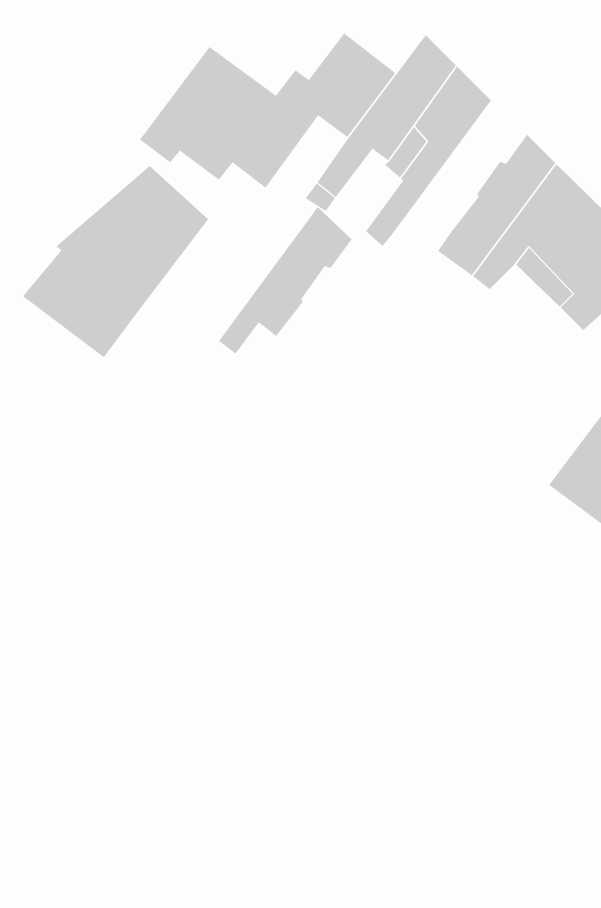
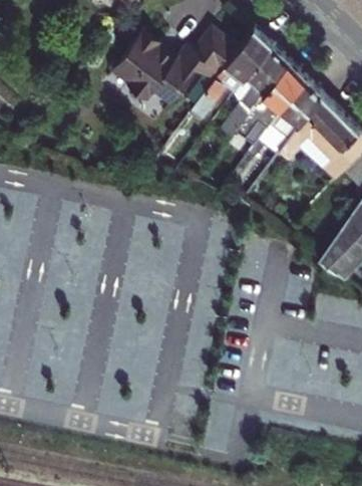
building: [22,165,209,358] -> none
building: [218,206,353,354] -> [236,62,305,139]

